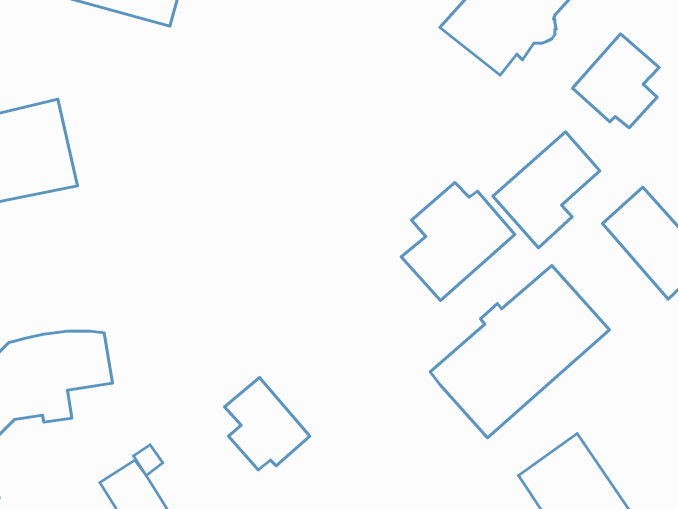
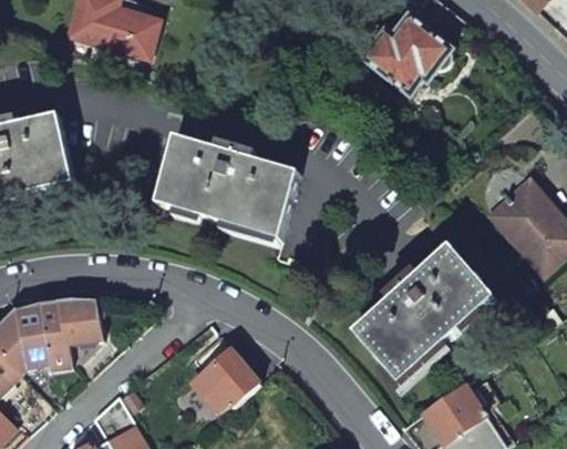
building: [573,34,659,128] -> none
building: none -> [155,135,298,238]
building: [493,132,600,248] -> none
building: [401,183,515,300] -> none

